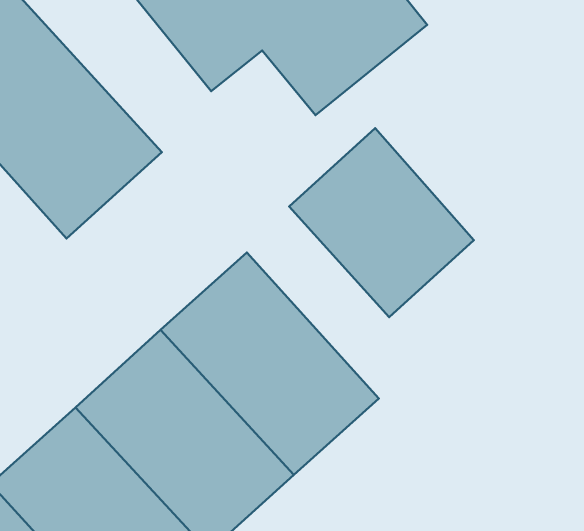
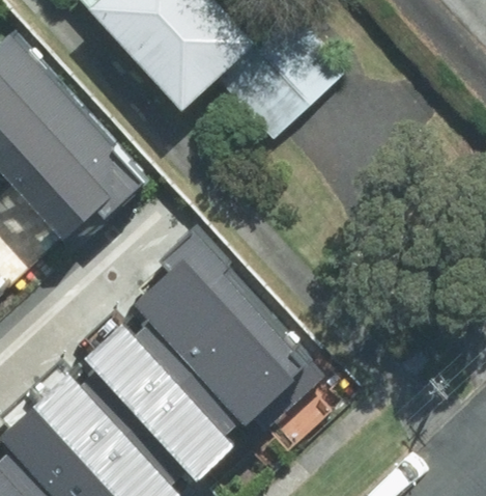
building: [289,128,474,317] -> none

